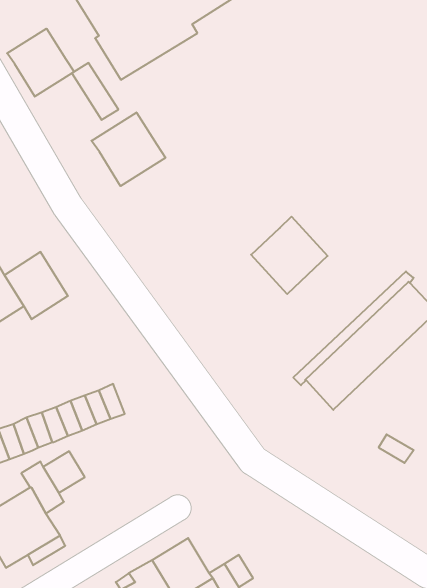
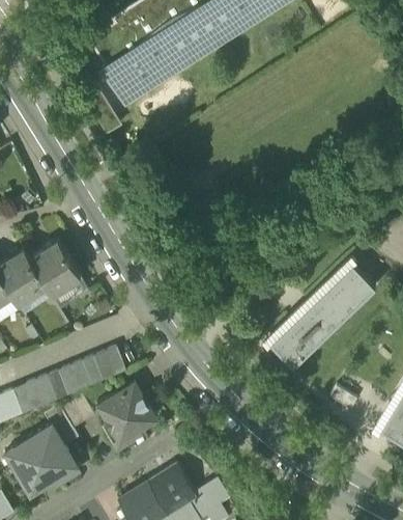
building: [7,29,74,97] -> none
building: [91,112,165,186] -> none
building: [251,217,328,294] -> none
building: none -> [97,383,157,455]

